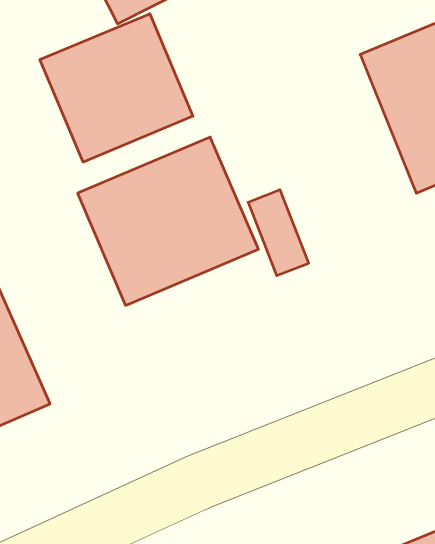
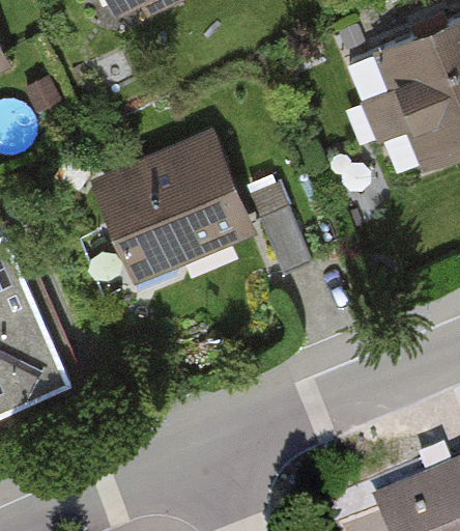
building: [40,14,193,162] -> none

